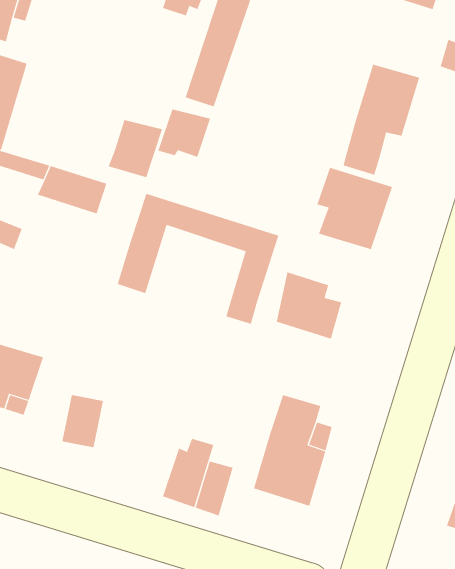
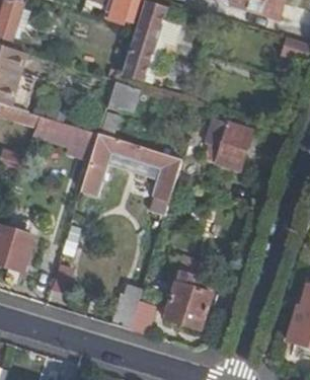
building: [343,64,420,176] -> none
building: [108,119,163,178] -> [65,127,99,163]
building: [276,272,342,340] -> none

